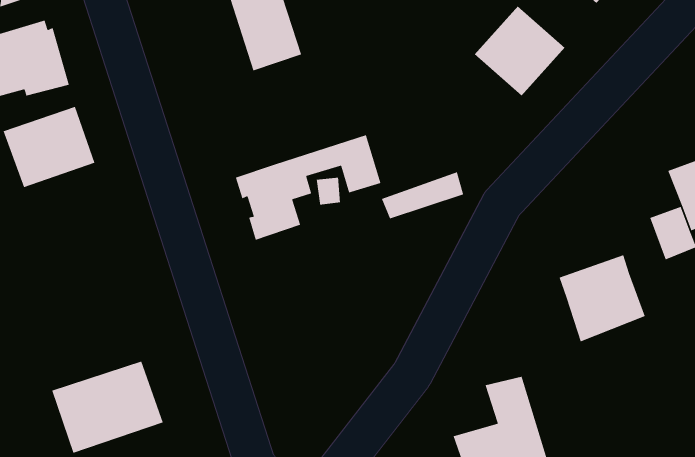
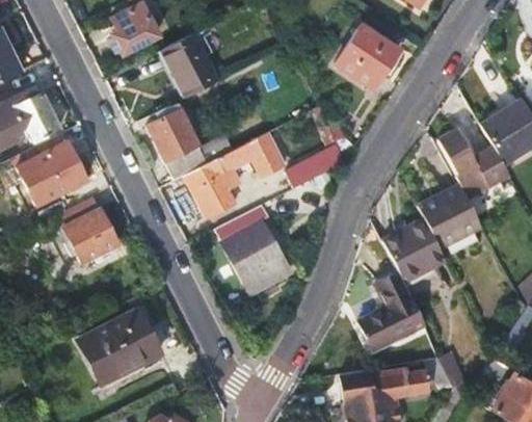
building: none -> [148,101,210,178]
building: none -> [440,128,489,197]
building: none -> [63,207,119,262]
building: none -> [217,203,289,290]
building: none -> [385,221,445,282]

